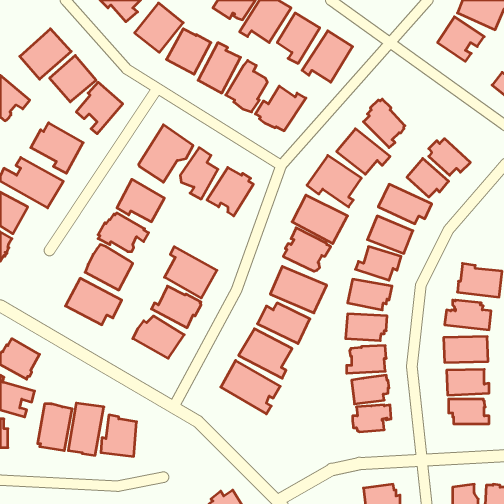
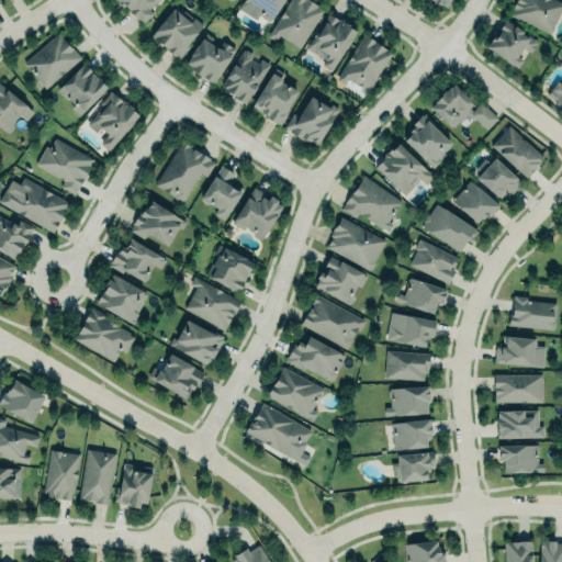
building: none -> [430,81,498,128]
building: none -> [493,124,544,176]
building: none -> [207,245,254,291]

